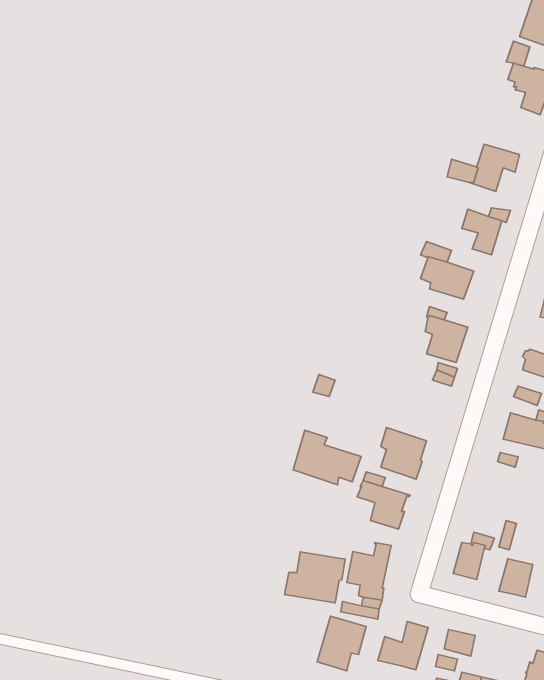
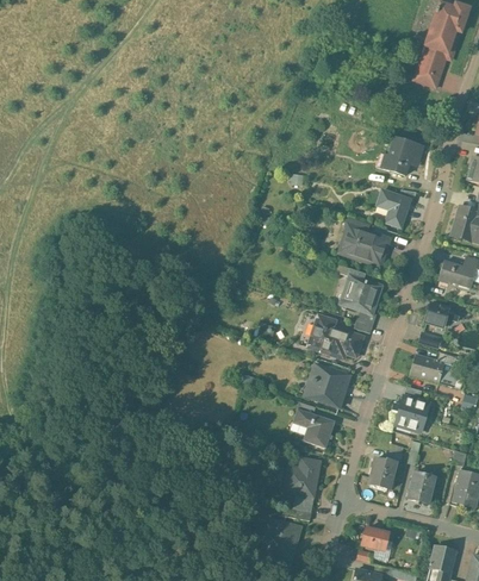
building: [293,430,361,485] -> [309,314,363,358]
building: none -> [396,395,431,432]
building: [285,552,345,603] -> none
building: [378,622,428,670] -> none

